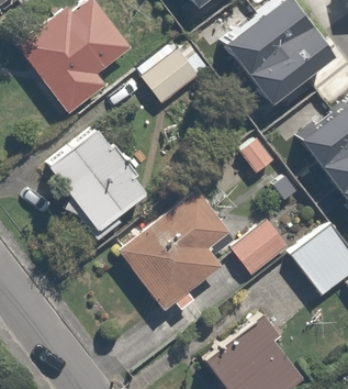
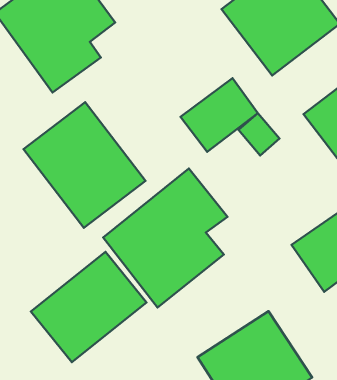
building: [138,36,209,103] -> [180,78,258,152]
building: [234,214,298,277] -> none
building: none -> [31,252,146,362]

